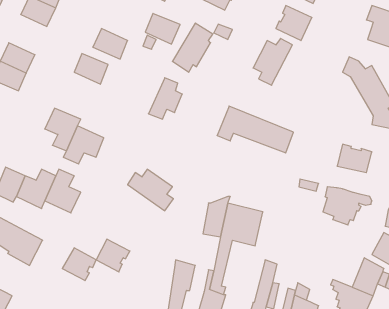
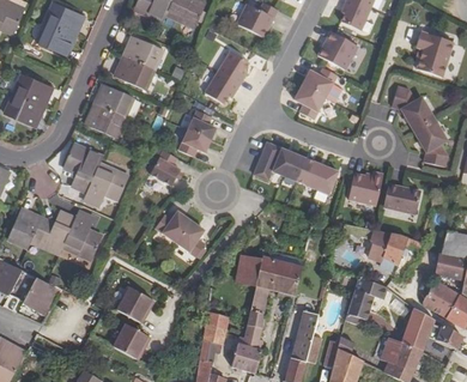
building: [145,13,180,44] -> [125,36,163,69]
building: none -> [85,104,123,137]
building: none -> [147,151,178,186]
building: none -> [348,171,383,205]
building: none -> [346,278,386,319]
building: [62,248,96,281] -> [113,323,150,359]

